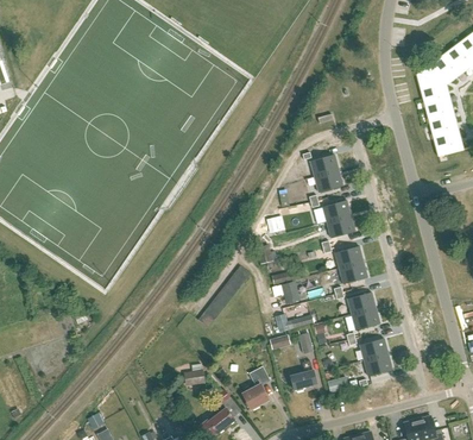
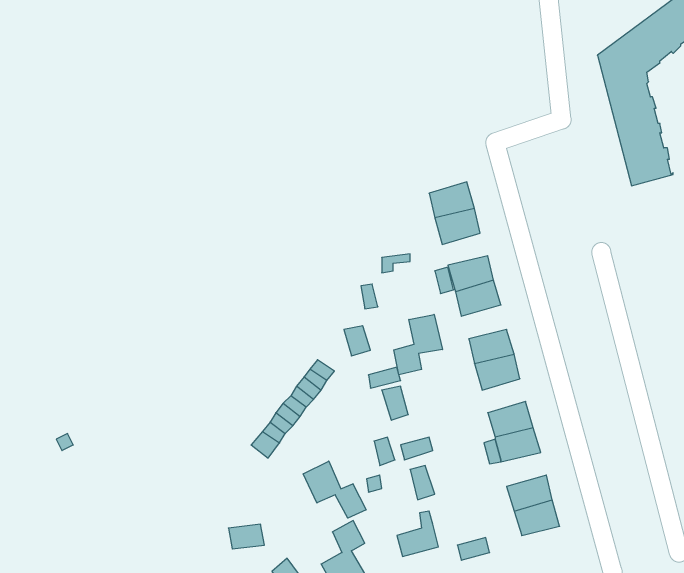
building: none -> [394,314,442,375]
building: none -> [303,461,366,518]

